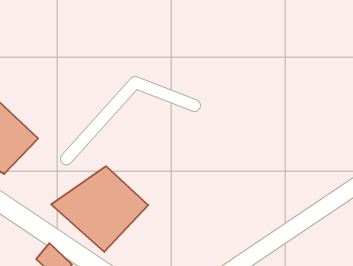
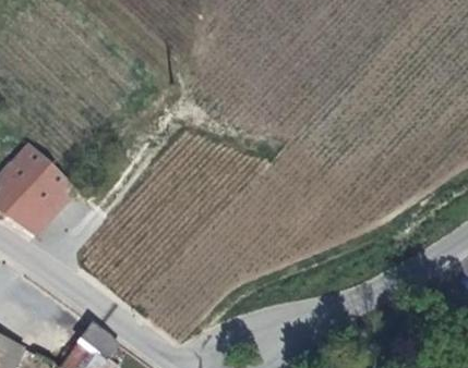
building: [51,166,148,252] -> none

